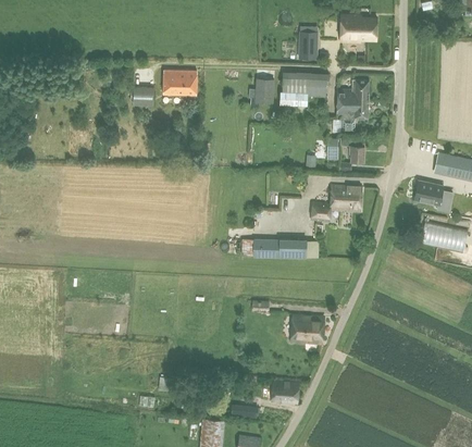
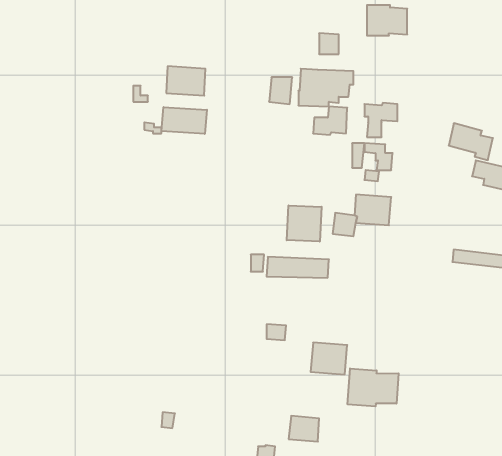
building: [339,78,370,103] -> [313,107,347,135]
building: none -> [161,107,207,134]
building: [414,178,454,211] -> [449,123,493,160]
building: none -> [287,205,322,242]
building: none -> [348,368,399,406]

